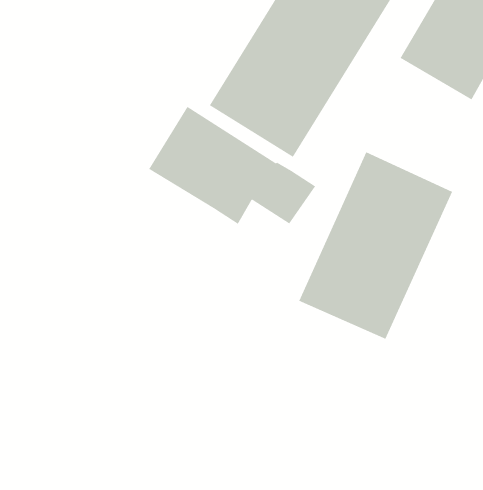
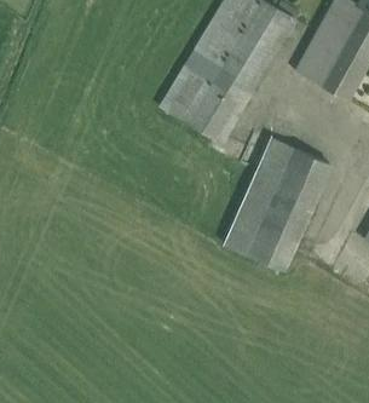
building: [148,106,316,225] -> none

